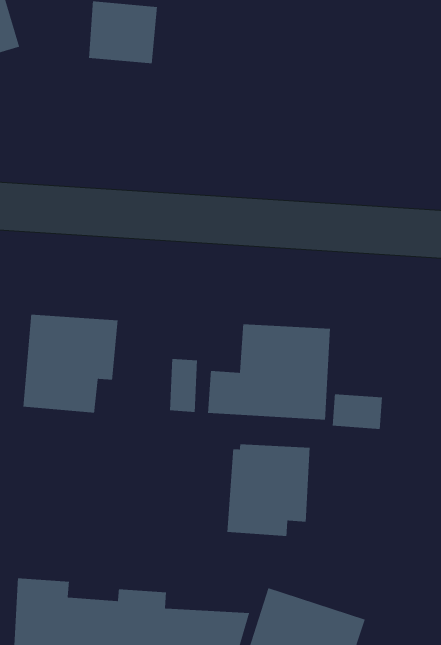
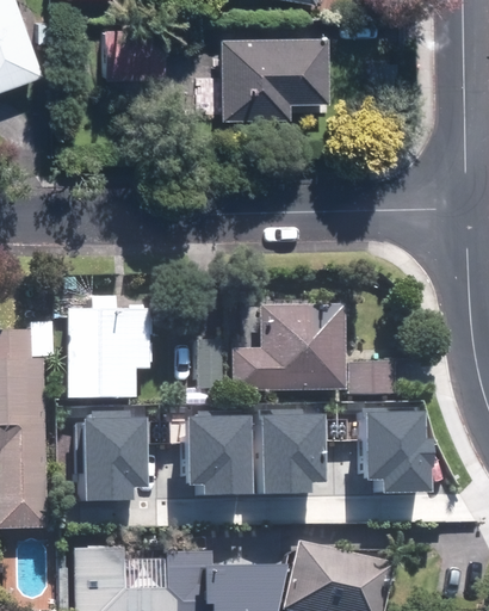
building: none -> [222,35,328,112]
building: none -> [76,416,147,499]
building: none -> [187,416,253,495]
building: none -> [365,412,431,490]

